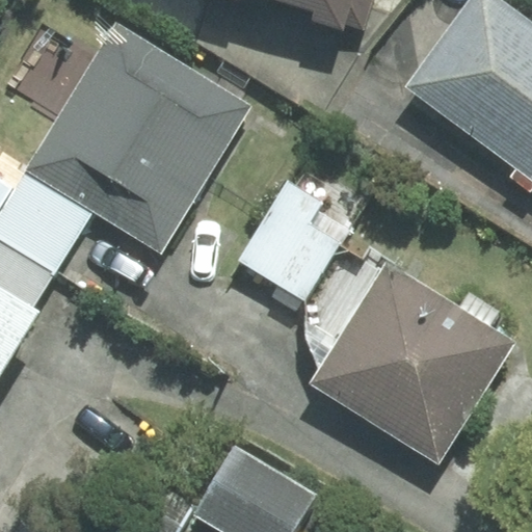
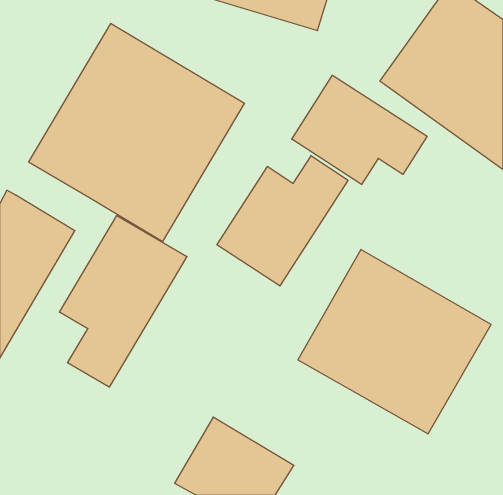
building: none -> [292,75,427,184]
building: none -> [59,216,187,387]

